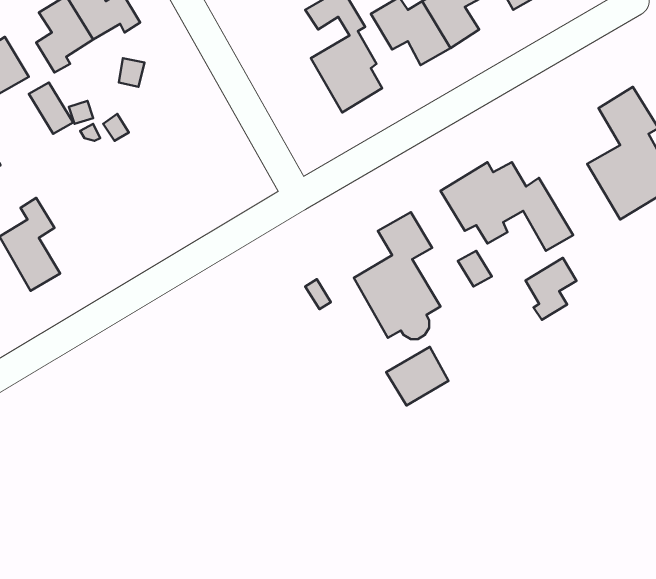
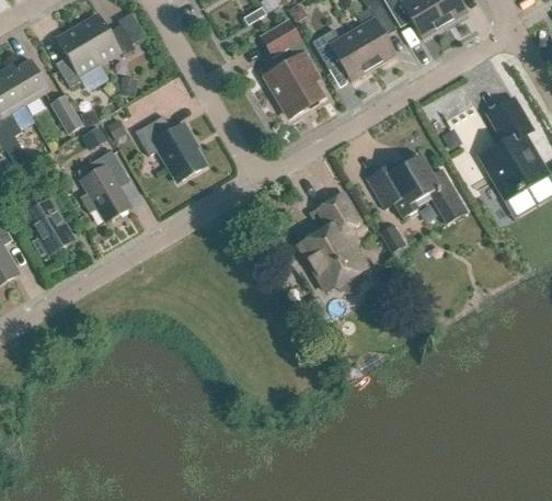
building: none -> [135,114,206,181]
building: none -> [77,149,129,220]
building: [526,258,577,320] -> none
building: [386,347,448,405] -> none

